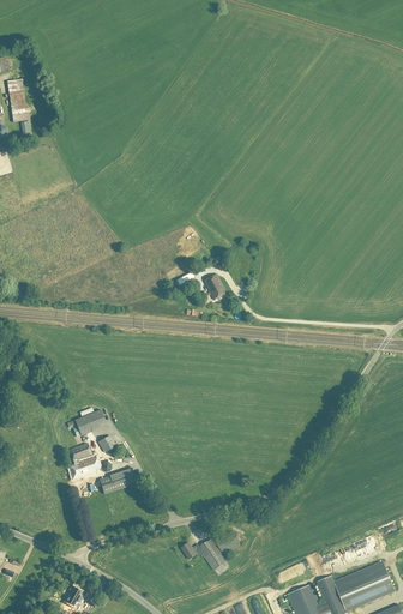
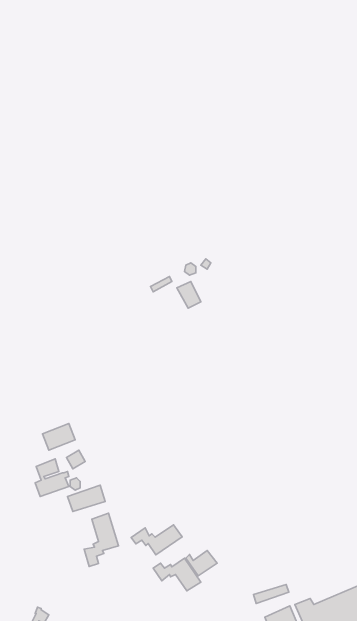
building: none -> [84,513,119,566]
building: none -> [131,525,182,555]

